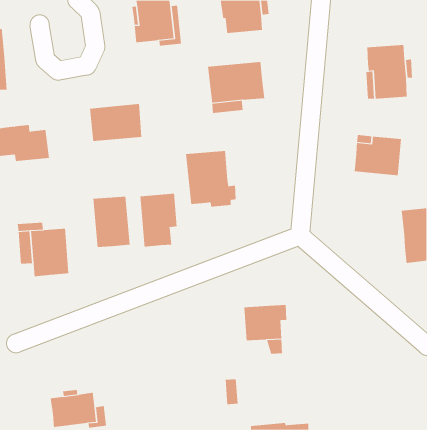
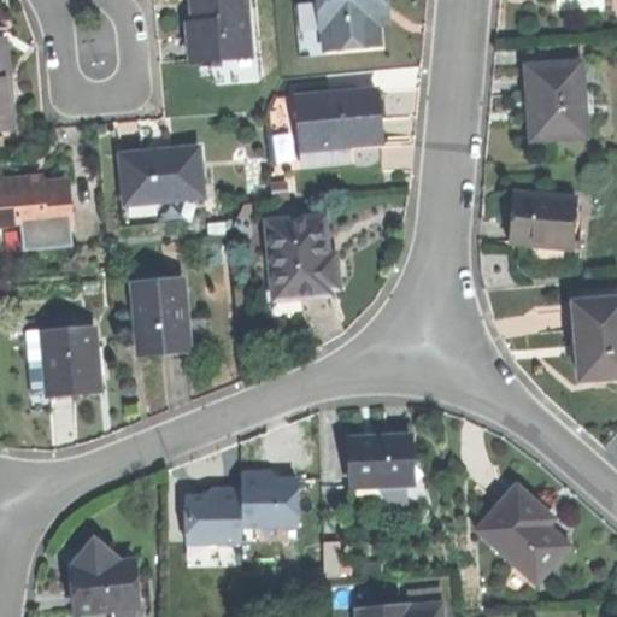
building: [140,193,177,247] -> none
building: none -> [174,469,290,545]
building: none -> [477,487,570,584]

